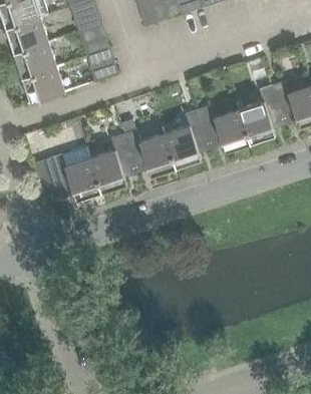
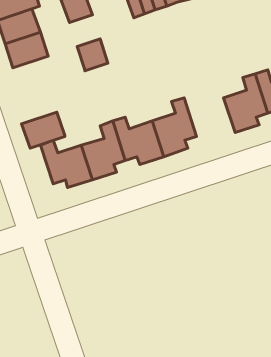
building: [77,20,109,53] -> none
building: [18,63,63,100] -> [21,112,65,148]
building: [197,101,250,150] -> none

